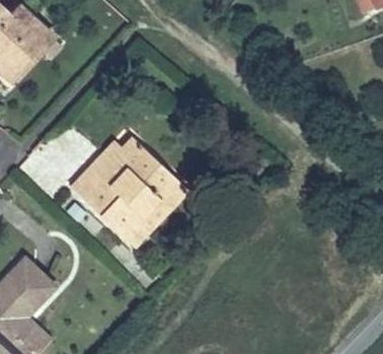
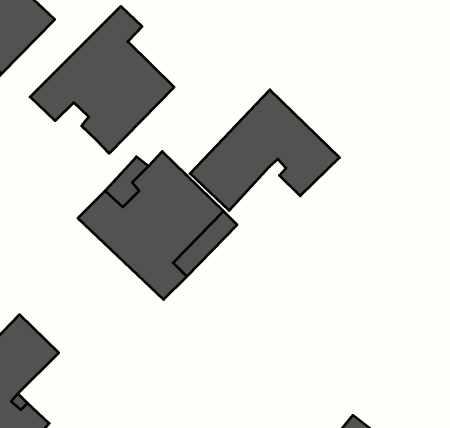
building: none -> [30,6,174,153]
building: none -> [190,90,340,211]

